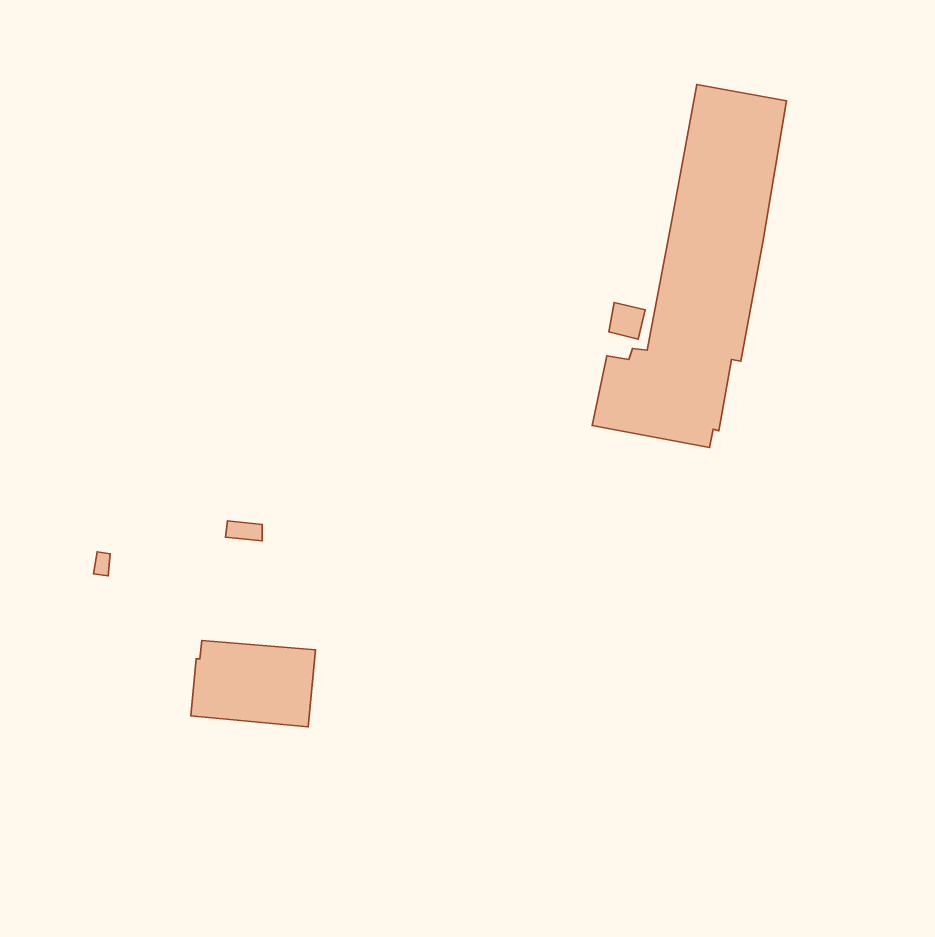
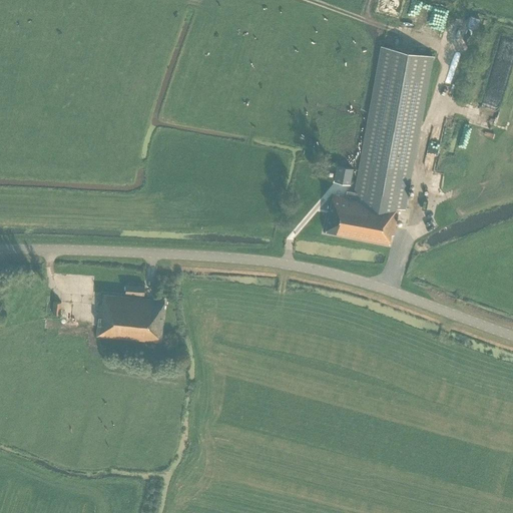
building: [191,641,315,727] -> [95,296,163,343]

